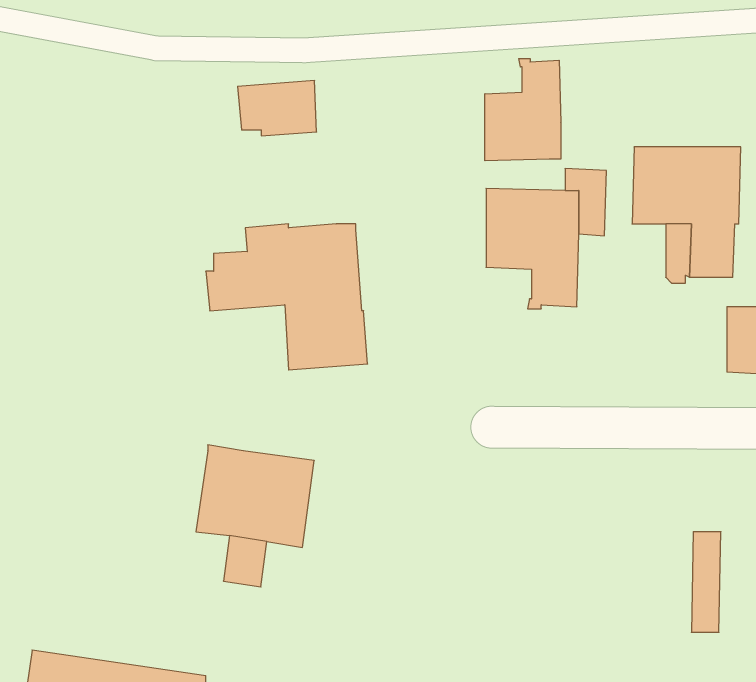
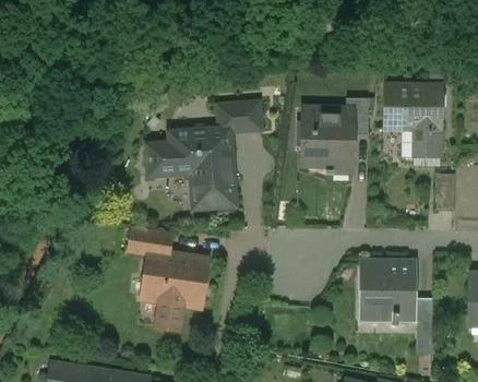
building: [485,59,561,161] -> none
building: [238,81,317,136] -> [217,100,261,131]
building: none -> [130,226,171,253]
building: none -> [363,263,411,324]

